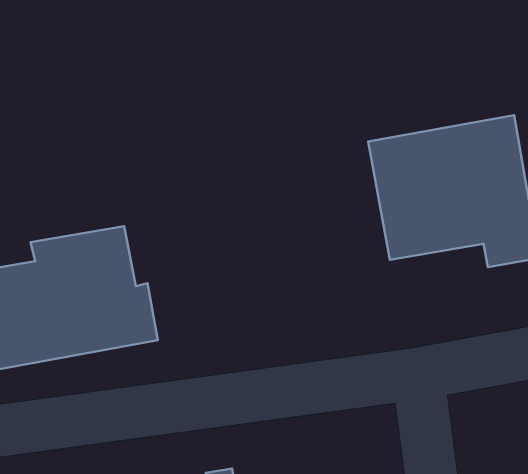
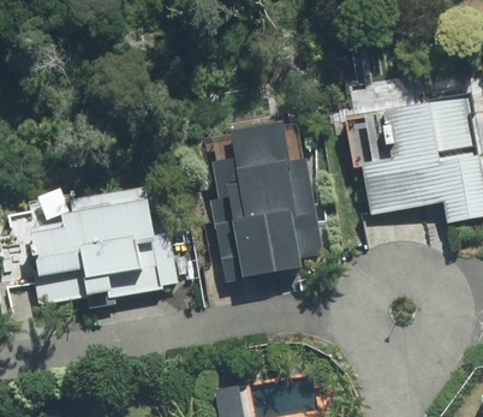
building: none -> [210,121,322,280]

